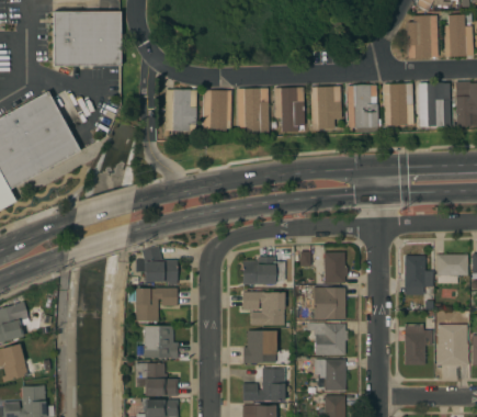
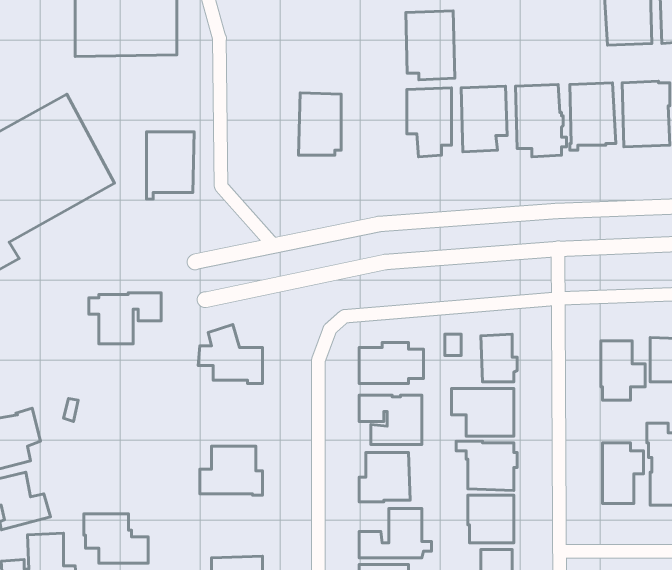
building: [236,88,269,134] -> [406,11,455,80]
building: [164,90,196,135] -> [147,132,194,199]
building: [128,288,177,322] -> [89,293,161,344]
building: [135,363,178,396] -> [84,514,148,563]

